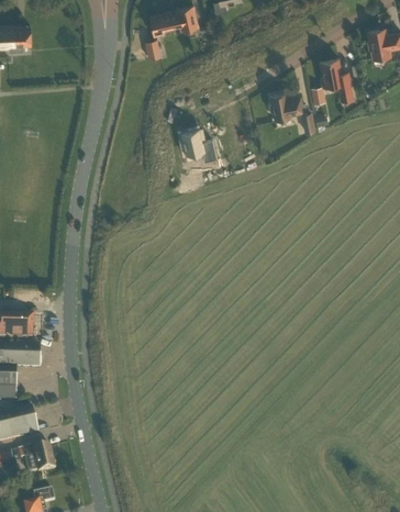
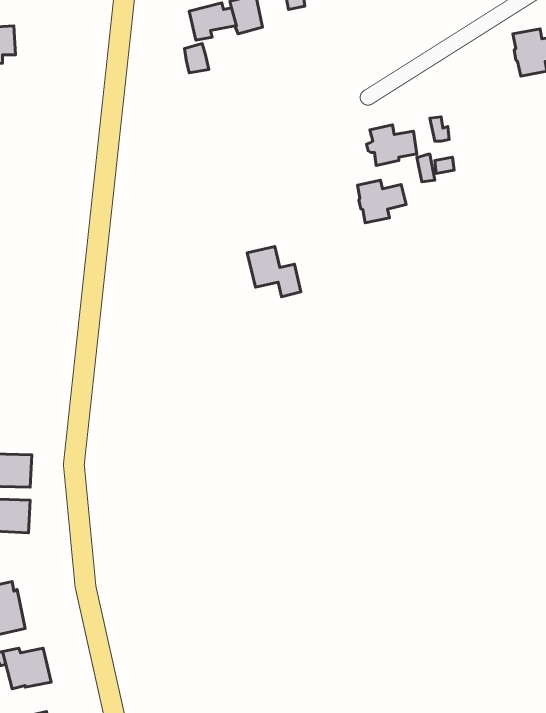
building: [320,58,353,100] -> none
building: [180,127,216,162] -> [247,246,301,297]
building: none -> [358,180,406,223]

